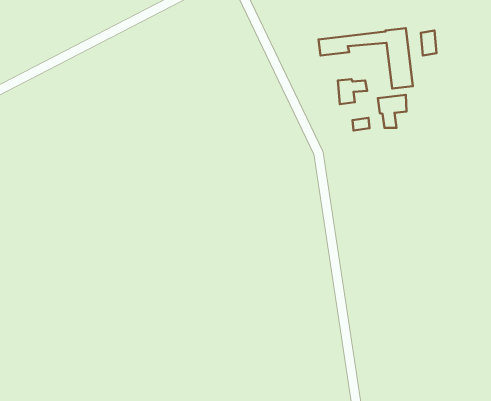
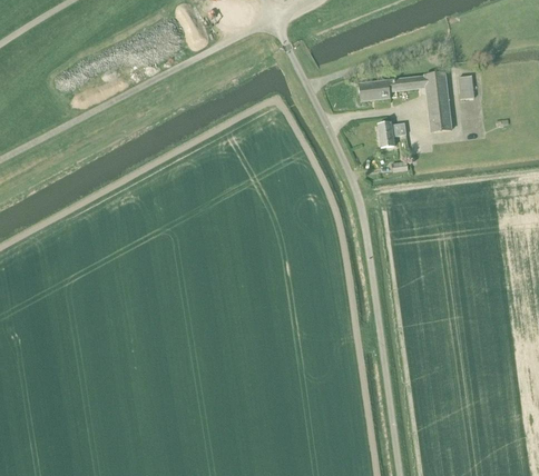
building: [378,95,407,128] -> none

